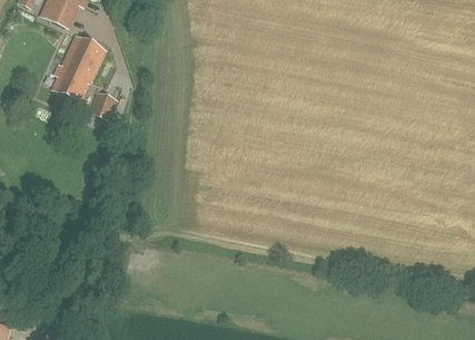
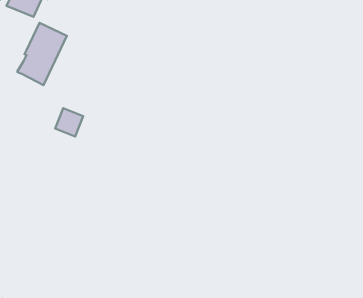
building: [88,90,119,122] -> [55,108,83,136]

